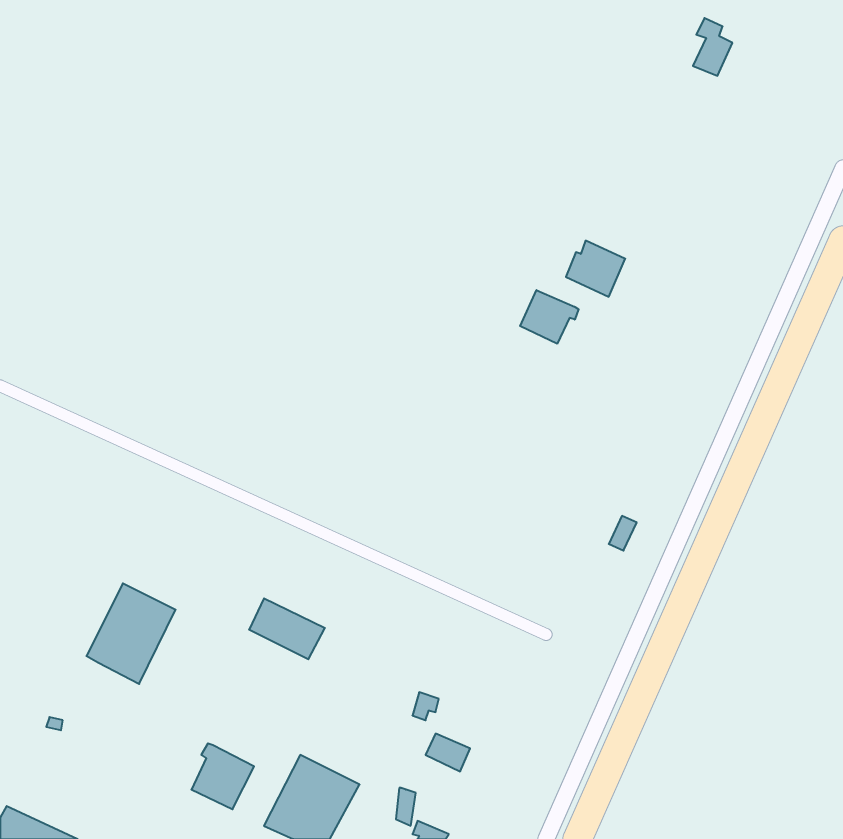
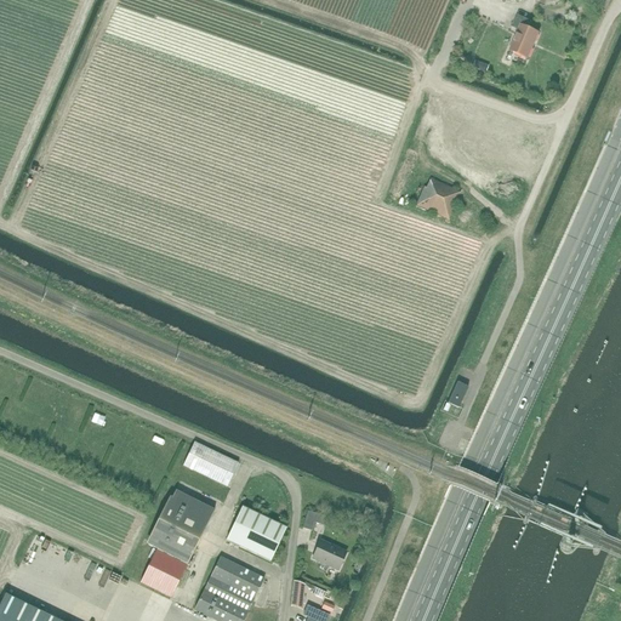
building: [520,290,579,344] -> none
building: [86,583,176,684] -> [148,490,213,564]
building: none -> [227,506,286,559]

